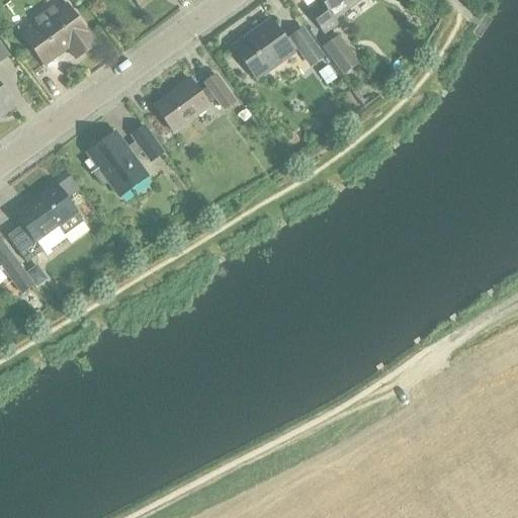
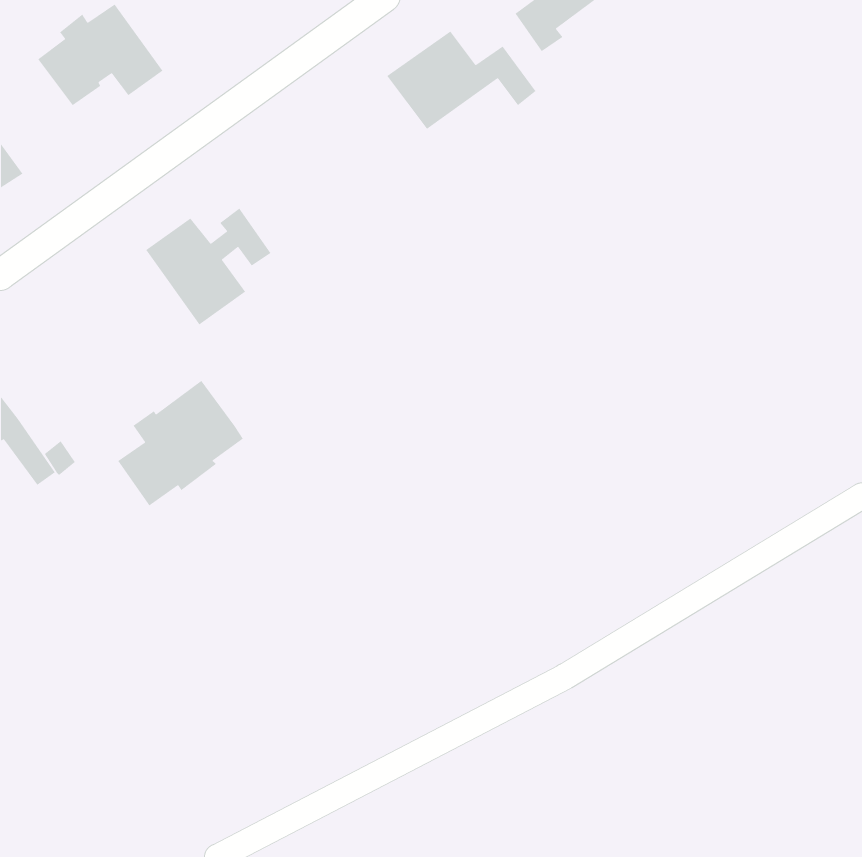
building: [322,33,352,71] -> none
building: [154,73,235,131] -> none
building: [6,184,82,260] -> [117,380,244,506]

